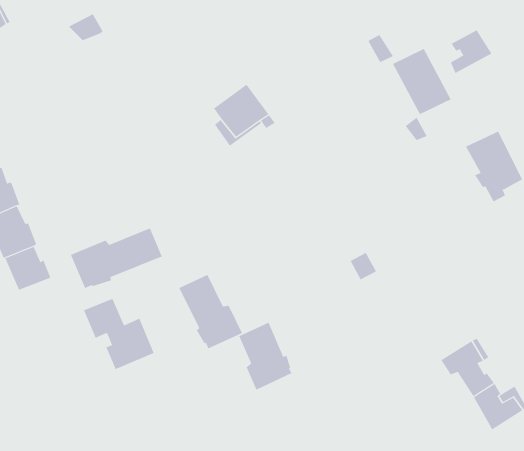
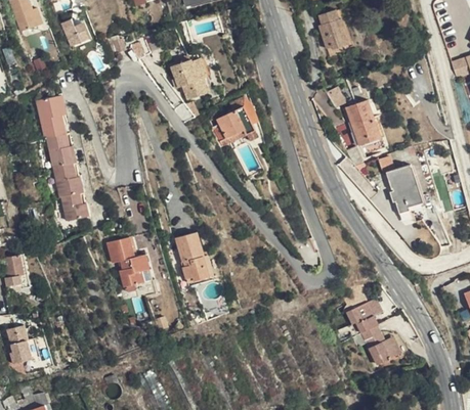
building: none -> [172,57,210,99]
building: [450,30,492,74] -> none
building: [70,228,163,289] -> none
building: [238,322,292,390] -> none

